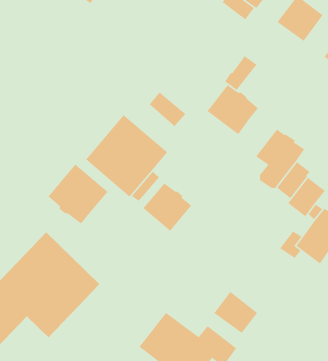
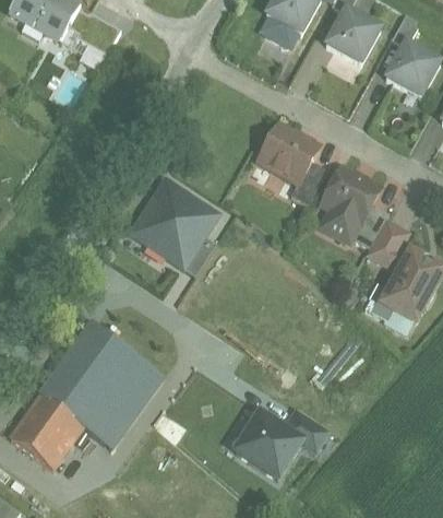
building: [224,55,257,91] -> [291,160,327,202]
building: [149,92,186,127] -> none
building: [48,163,109,224] -> none
building: [142,182,192,232] -> none
building: [213,291,258,334] -> none

